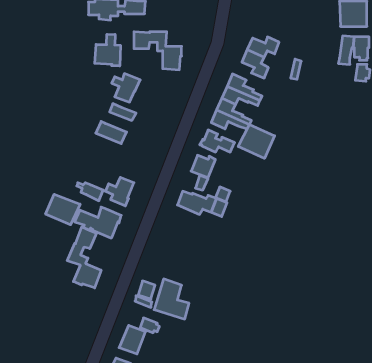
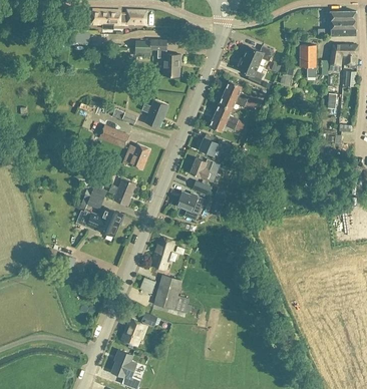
building: [95,34,120,66] -> none
building: none -> [300,45,316,77]
building: [112,74,140,102] -> [141,100,168,127]
building: [238,124,275,158] -> none
building: none -> [123,142,149,168]
building: [46,194,80,225] -> none
building: [67,227,101,288] -> none
building: none -> [150,236,174,270]

